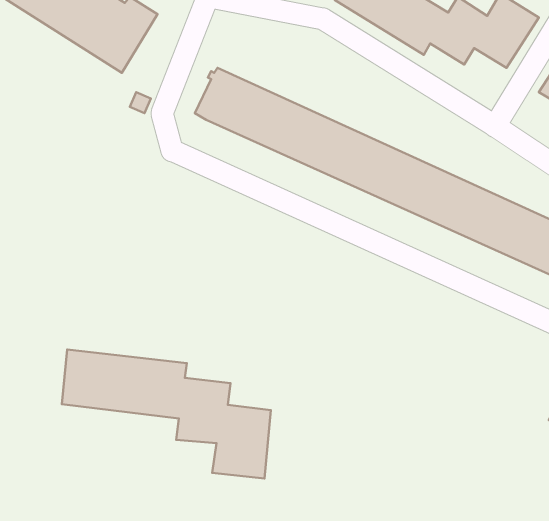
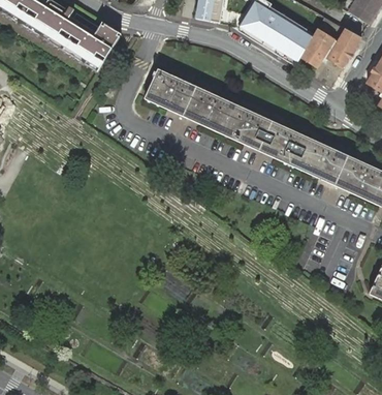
building: [62,349,271,479] -> none

